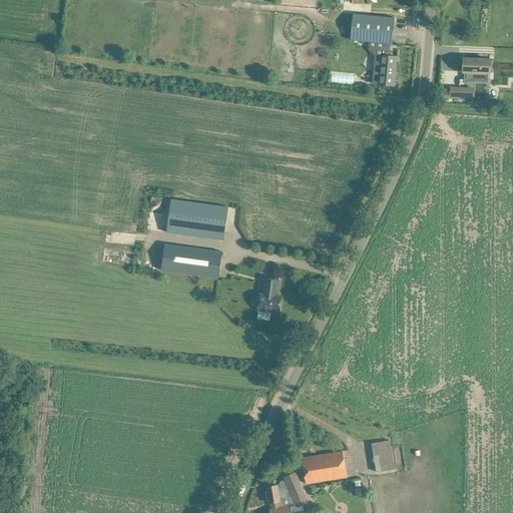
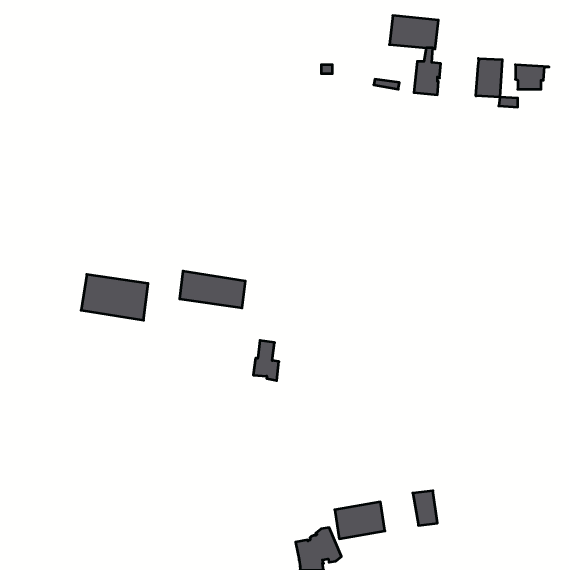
building: none -> [476,58,502,97]
building: [166,198,226,239] -> [81,274,148,320]
building: [258,278,281,314] -> [253,340,279,381]

